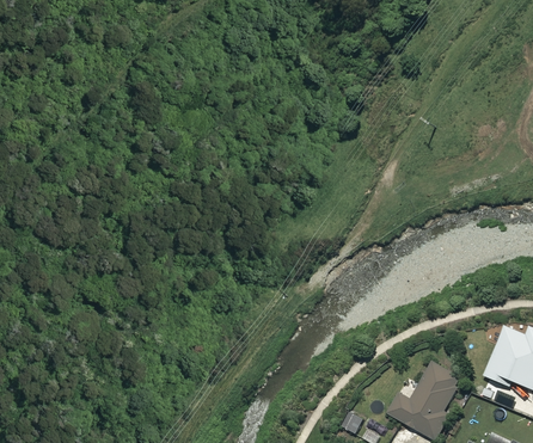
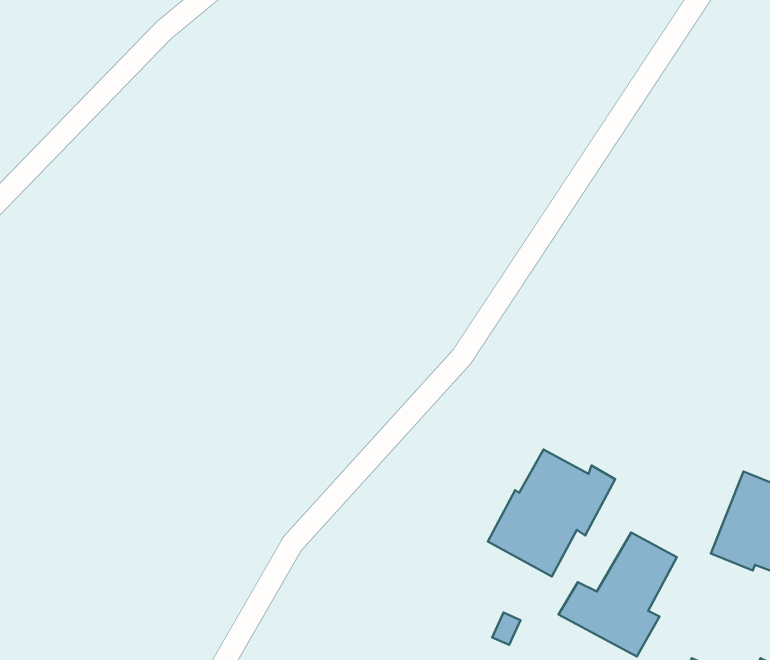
building: none -> [488,450,615,576]

